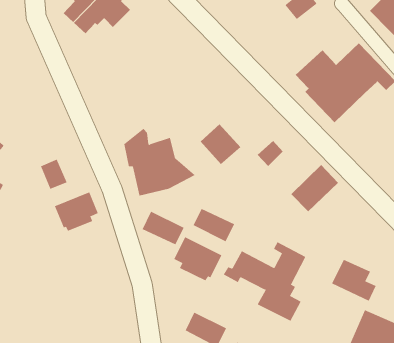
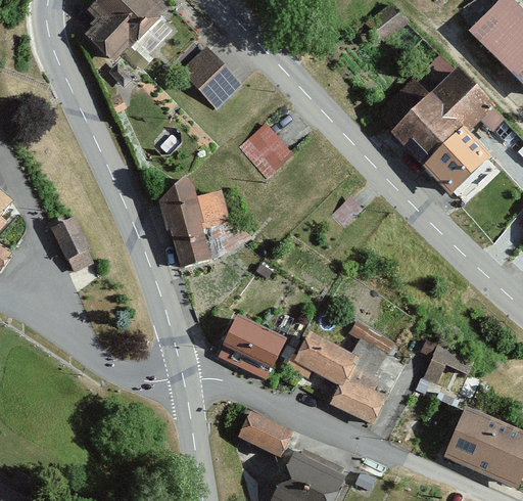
building: none -> [181,46,240,105]
building: [200,124,241,165] -> [240,124,292,176]
building: [290,164,339,212] -> [427,135,488,195]
building: [54,191,99,232] -> none
building: [193,208,235,242] -> none
building: [142,211,184,245] -> none

